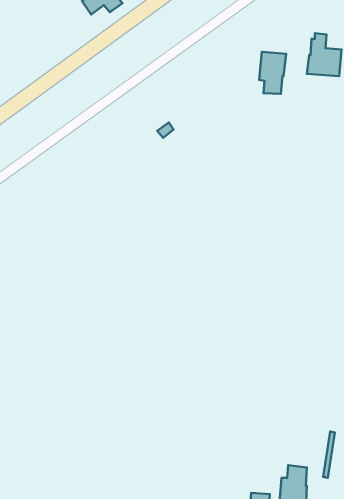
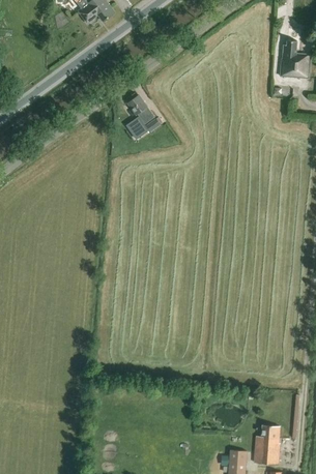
building: [259,52,286,94] -> none
building: none -> [125,96,155,135]

